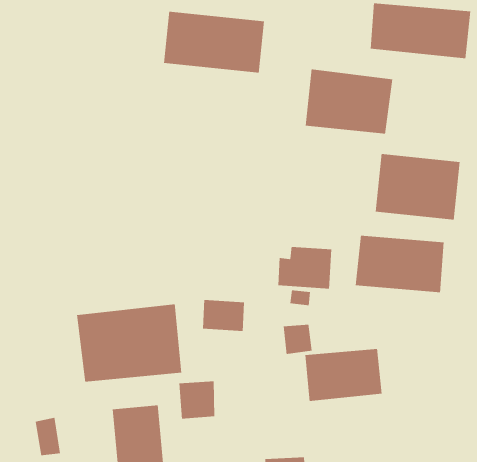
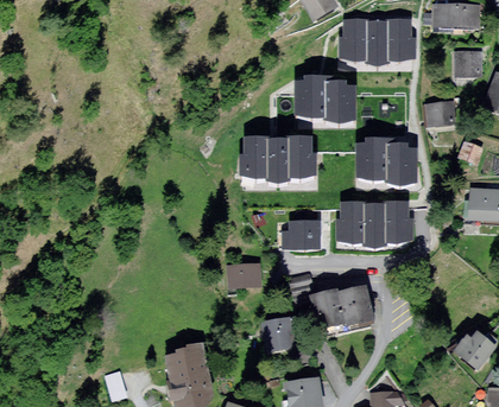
building: [163,11,265,73] -> [239,140,314,180]
building: [76,303,182,383] -> none
building: [179,381,215,419] -> [263,318,293,350]

